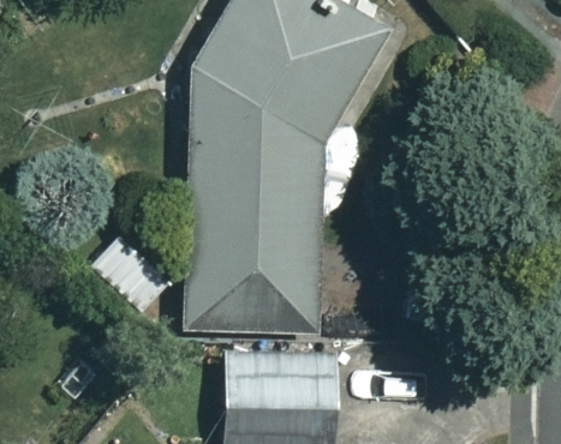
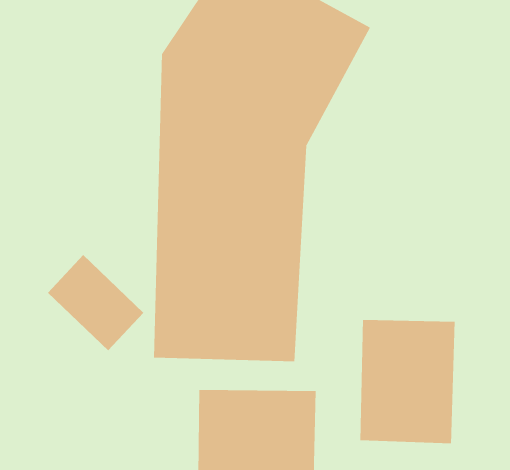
building: none -> [360,319,455,444]

